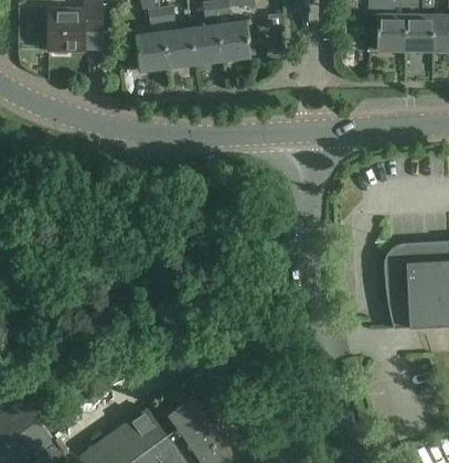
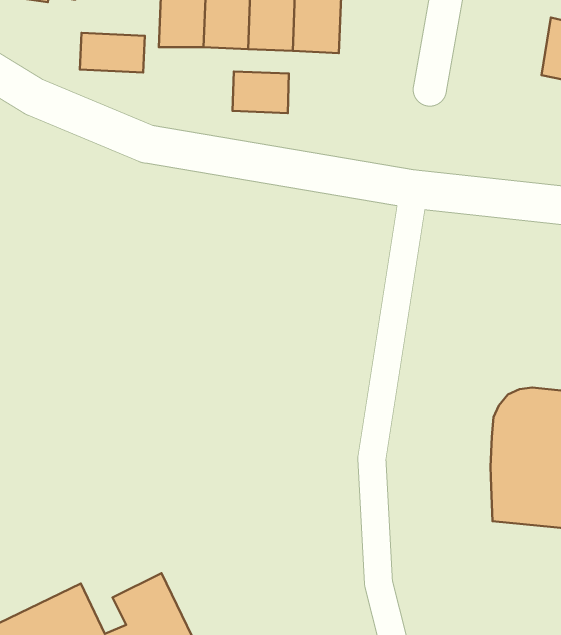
building: none -> [80,33,145,73]
building: none -> [233,72,289,113]

